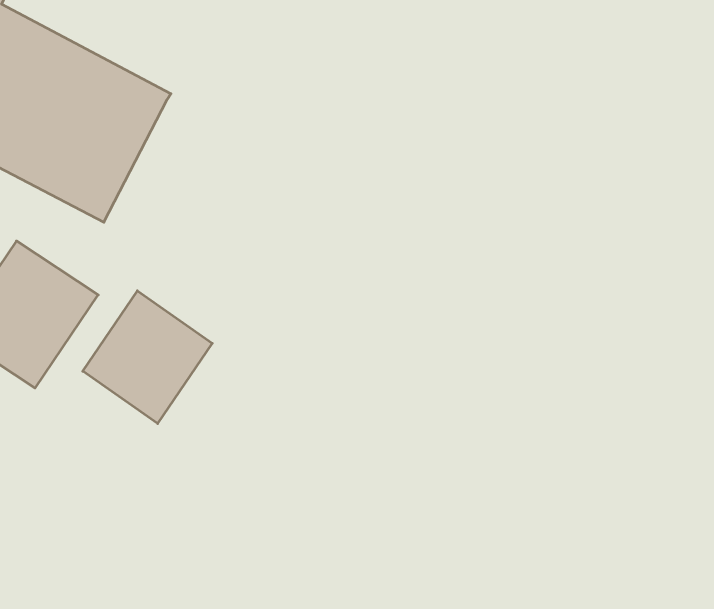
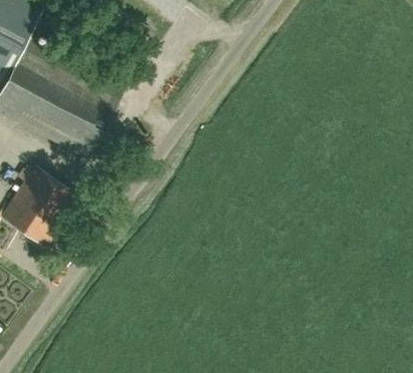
building: [83,291,212,424] -> none

